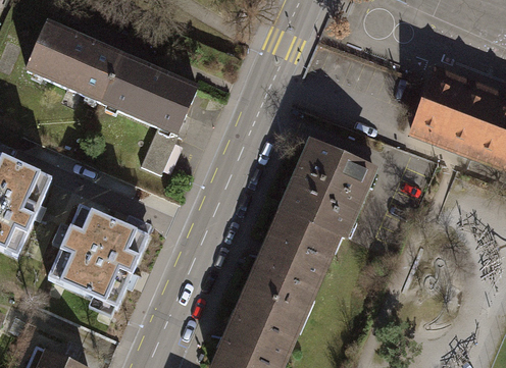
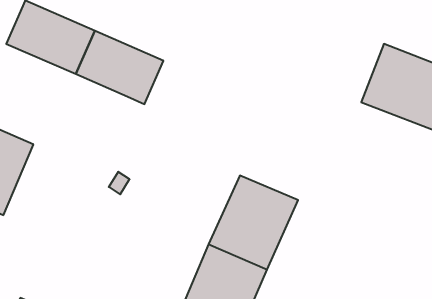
building: [138,126,175,173] -> none
building: [276,139,376,242] -> none
building: [50,207,152,309] -> none

